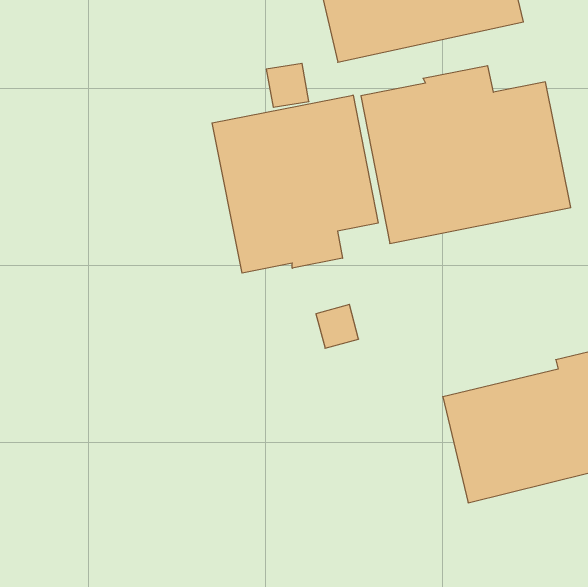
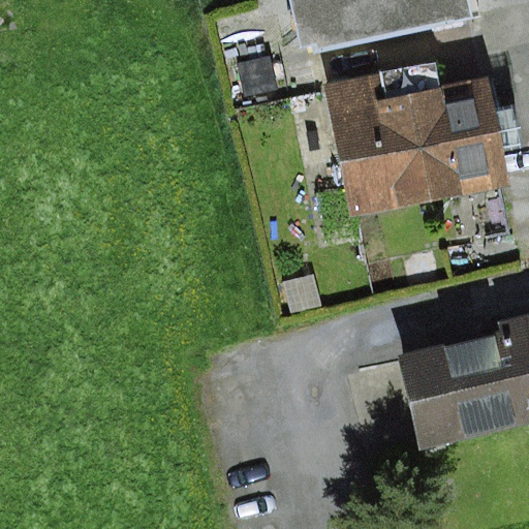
building: [212,95,378,273] -> none

